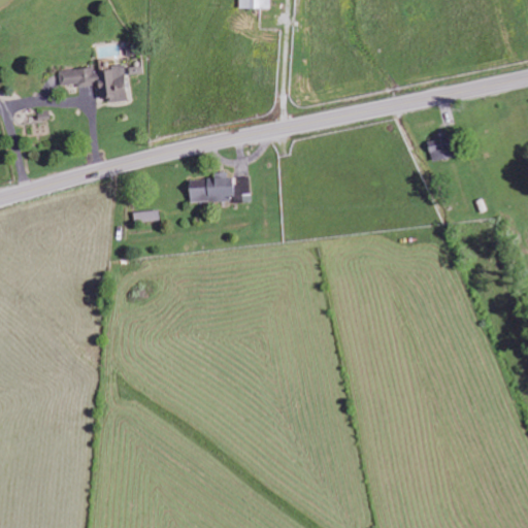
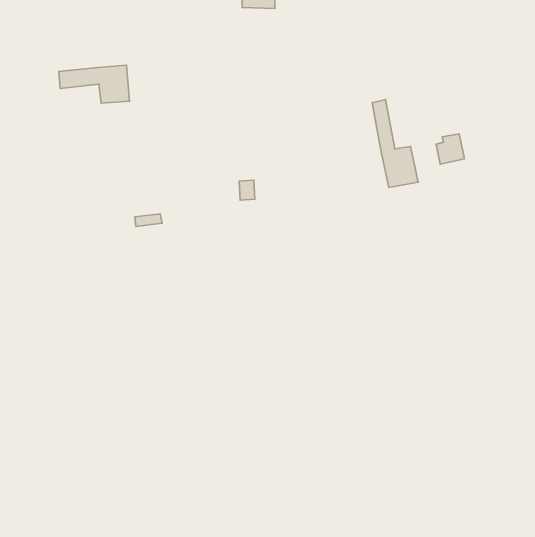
building: none -> [372,100,418,188]
building: [189,174,232,202] -> none

